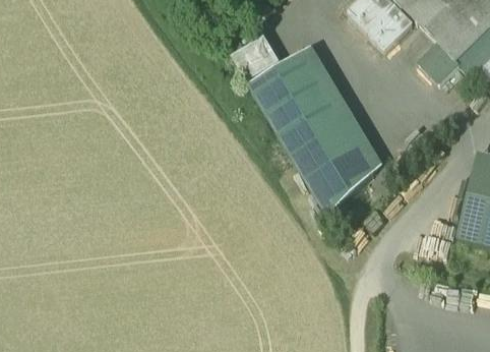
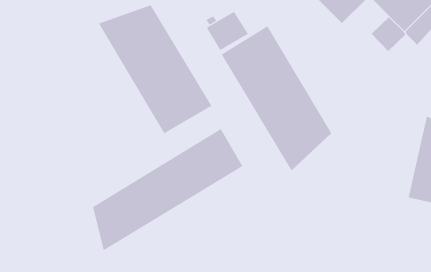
building: none -> [98,4,212,134]
building: none -> [93,128,243,251]

